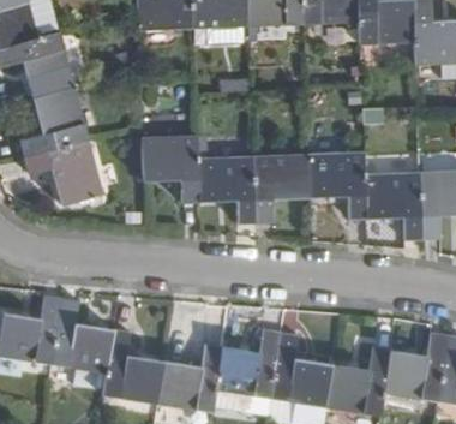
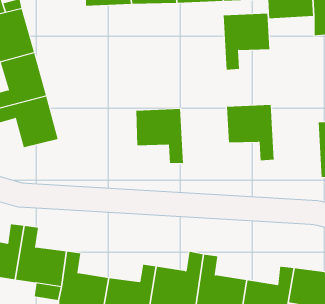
building: [142,136,199,201] -> none
building: [253,153,311,222] -> [223,13,270,70]
building: [365,172,424,239] -> none

